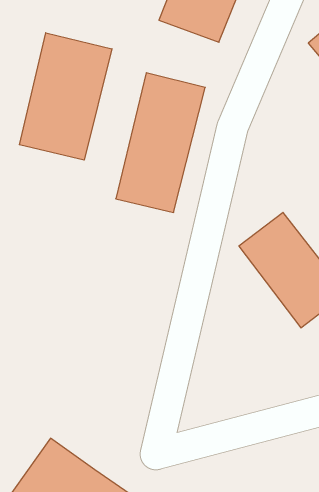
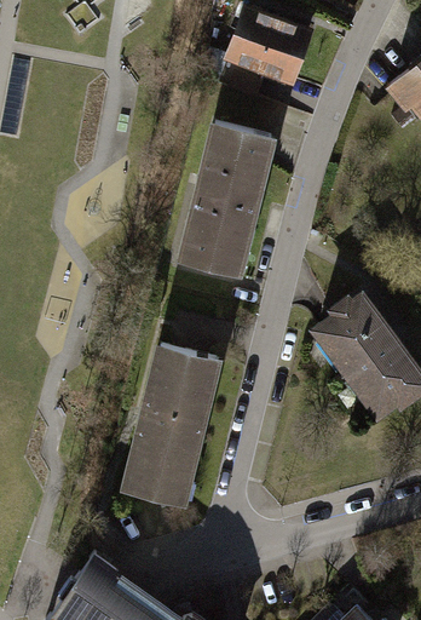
building: [19,33,112,160] -> none
building: none -> [114,349,219,513]

